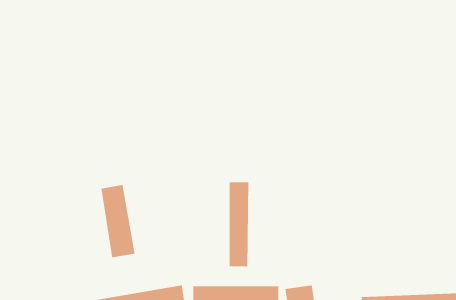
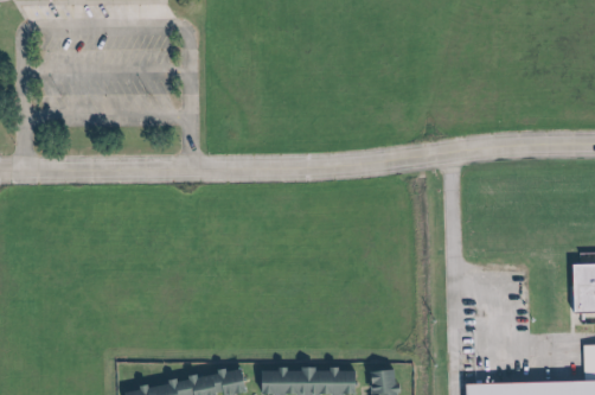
building: [229,181,249,267] -> none
building: [101,184,135,258] -> none

